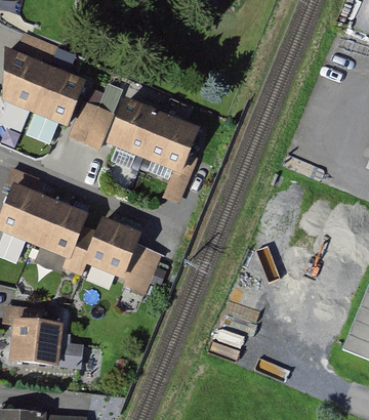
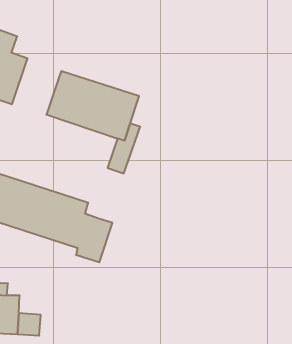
building: [68,104,111,151] -> none

